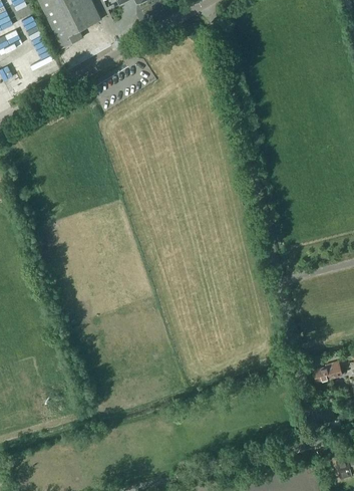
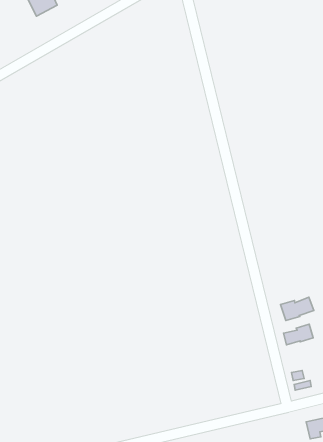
building: none -> [281,297,314,321]

